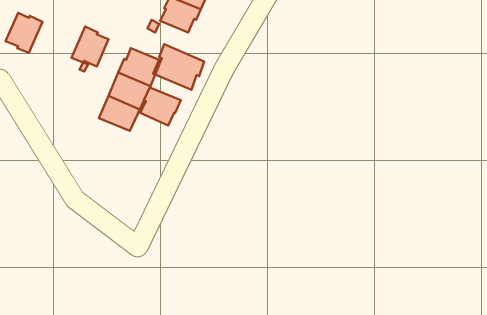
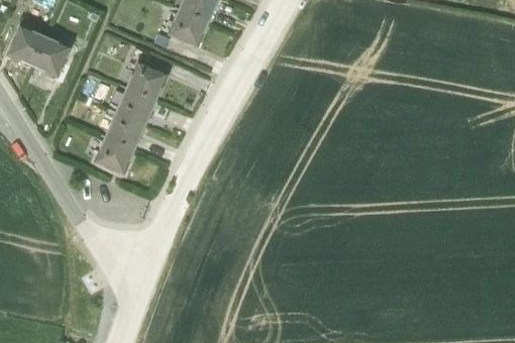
building: [72,27,109,67] -> [31,35,70,77]
building: [155,44,204,90] -> none
building: [140,87,181,125] -> [94,135,136,175]

